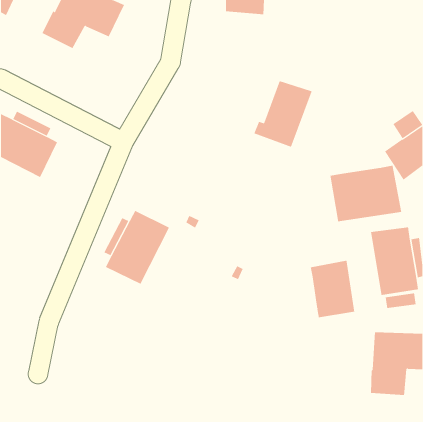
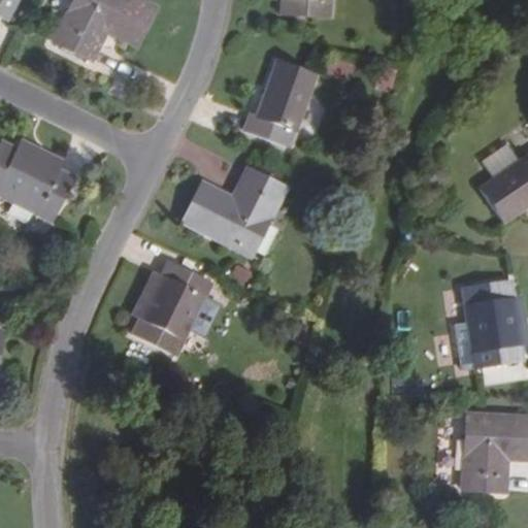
building: [254,81,312,148] -> [243,63,317,146]
building: none -> [183,169,286,256]
building: [330,165,402,222] -> none
building: [310,260,355,318] -> none

